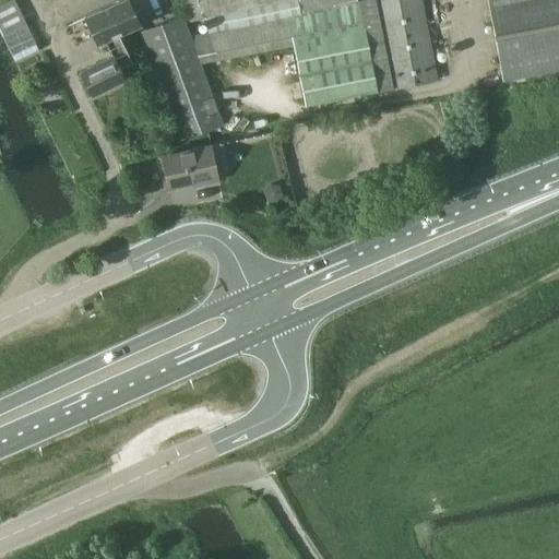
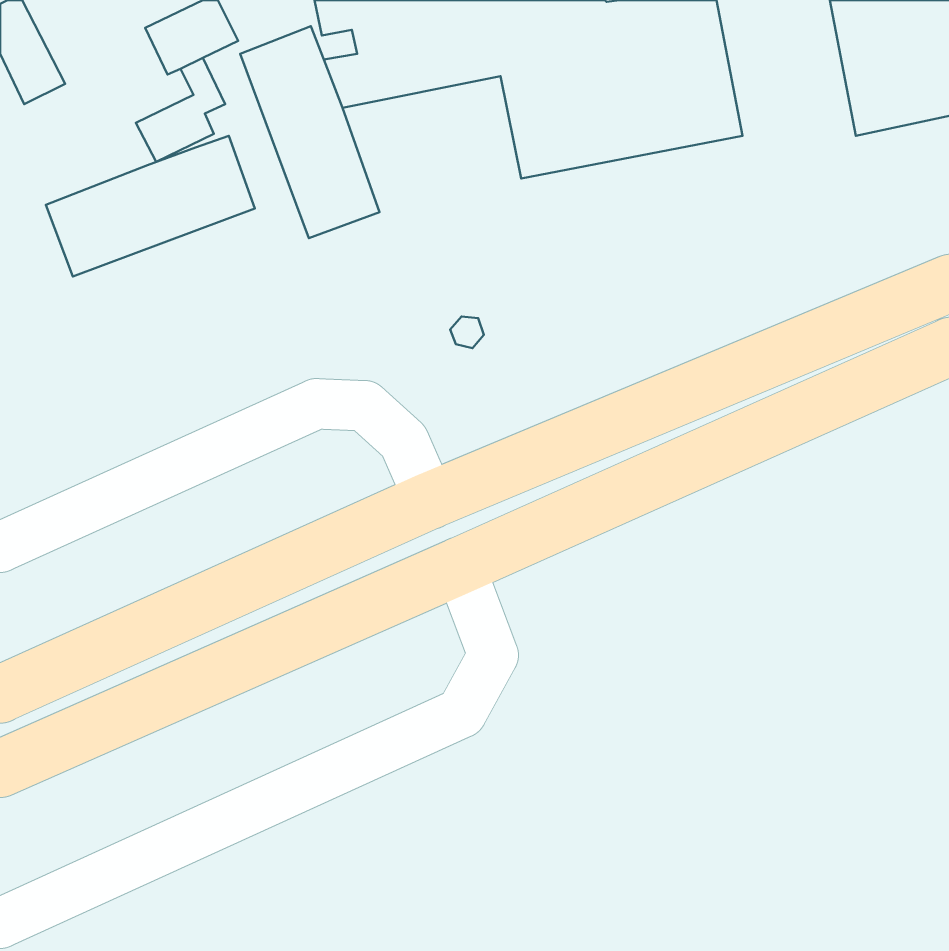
building: none -> [46,136,255,276]
building: [164,144,219,189] -> none

